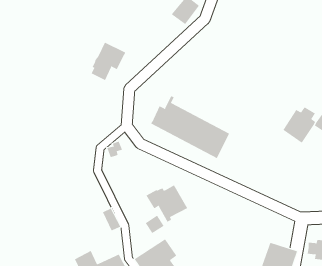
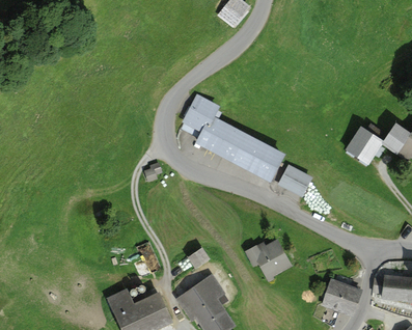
building: [91,42,126,81] -> [181,92,221,137]
building: none -> [278,164,313,196]
building: [146,185,188,223] -> [244,239,293,282]

